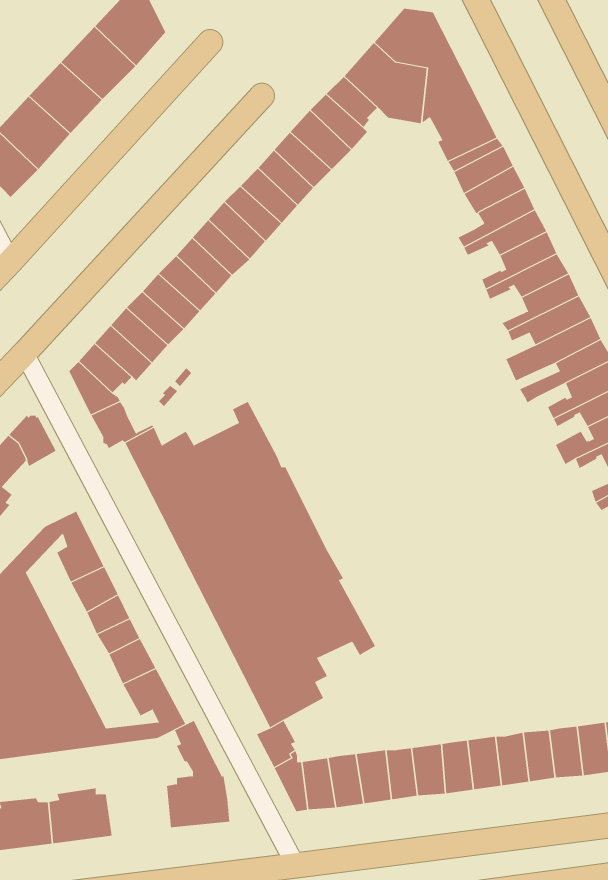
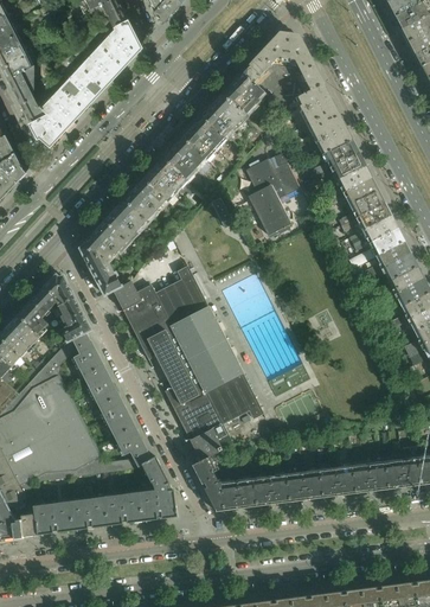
building: none -> [246,151,301,235]
building: none -> [58,296,91,341]
building: none -> [104,492,142,525]

